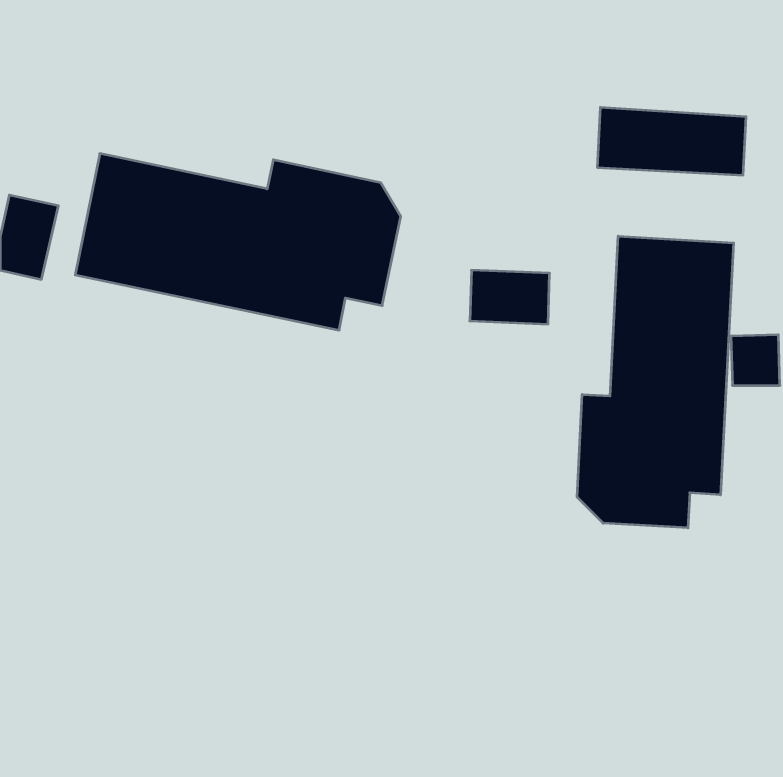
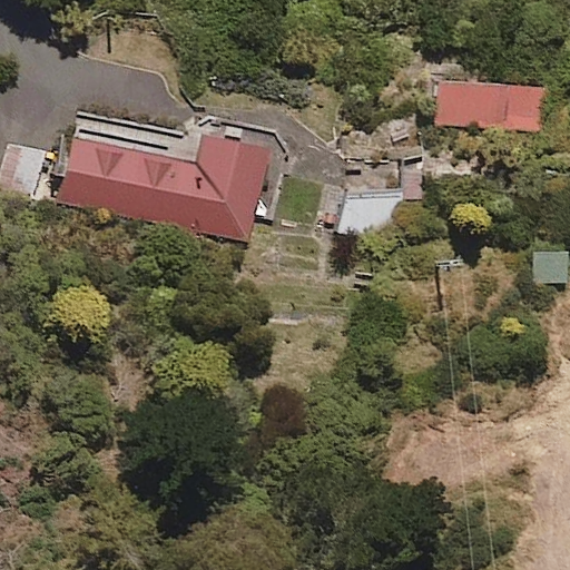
building: [577,236,734,528] -> none

